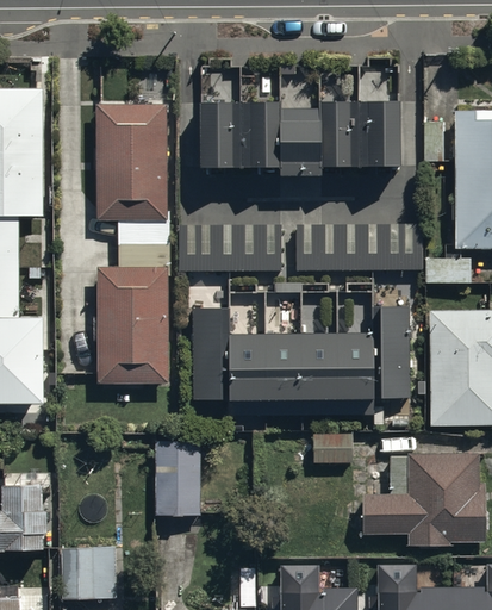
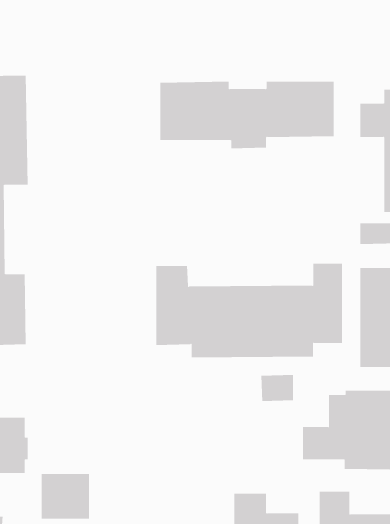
building: [95,106,168,381] -> none
building: [181,223,280,275] -> none
building: [298,224,423,269] -> none
building: [168,441,200,515] -> none

